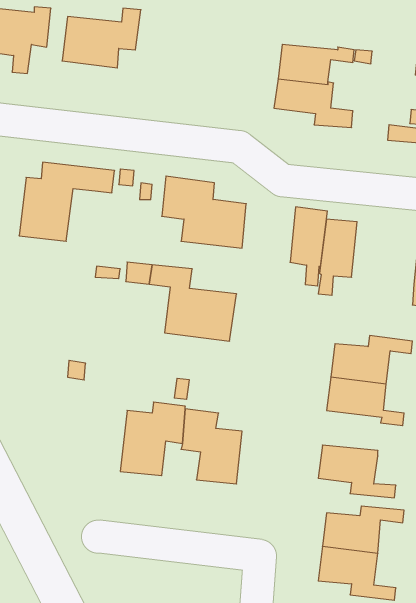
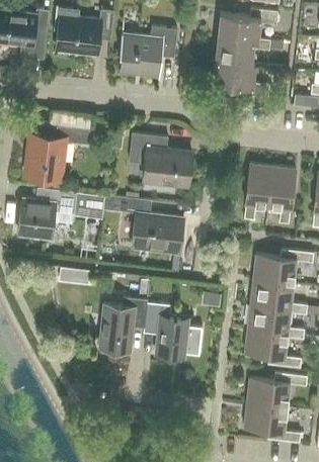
building: none -> [218,9,277,40]
building: none -> [119,26,177,76]
building: [290,207,327,286] -> [268,166,296,223]
building: none -> [19,189,77,239]
building: none -> [247,303,305,339]

